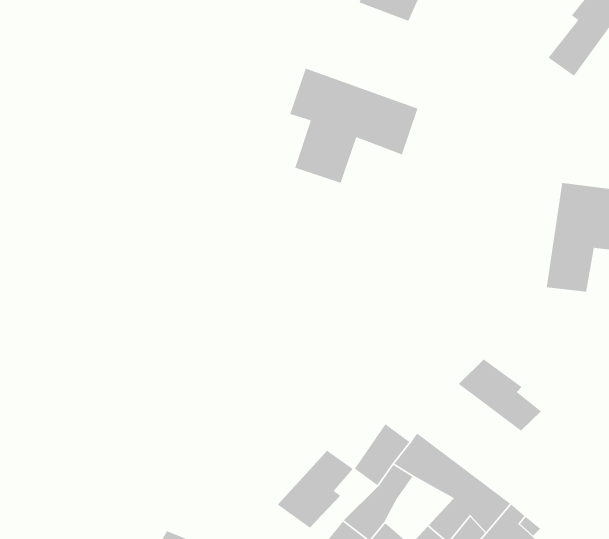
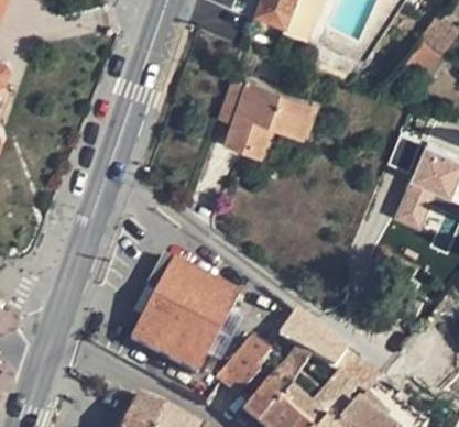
building: none -> [130,258,238,377]
building: [458,359,542,432] -> none

